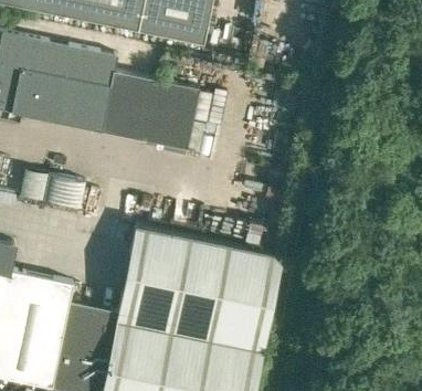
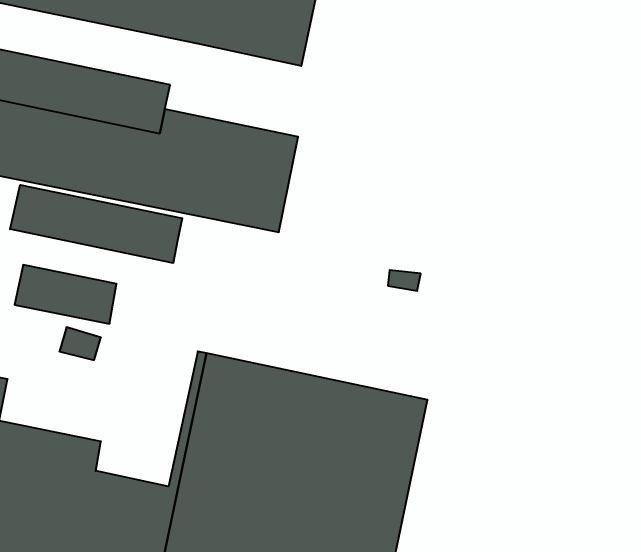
building: none -> [10,185,182,263]

